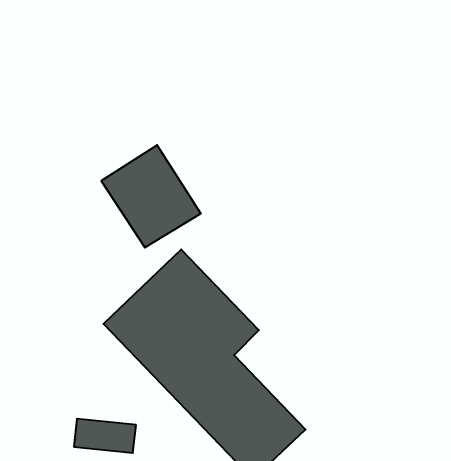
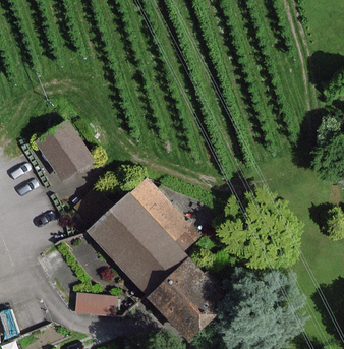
building: [101,145,201,248] -> [32,115,97,182]

